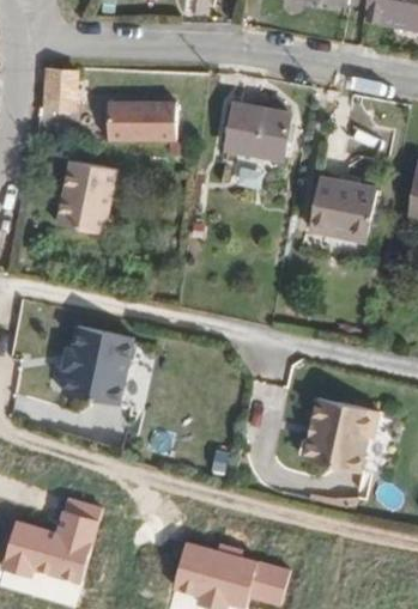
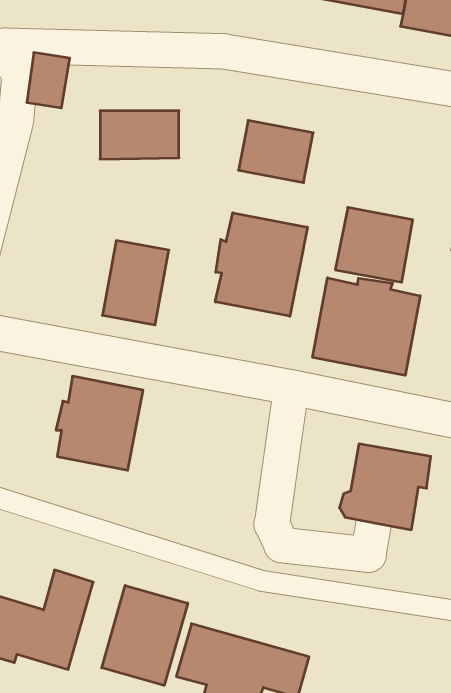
building: [50,158,108,231] -> [102,241,169,325]
building: none -> [215,213,307,316]
building: none -> [313,278,420,375]
building: none -> [102,585,188,685]

